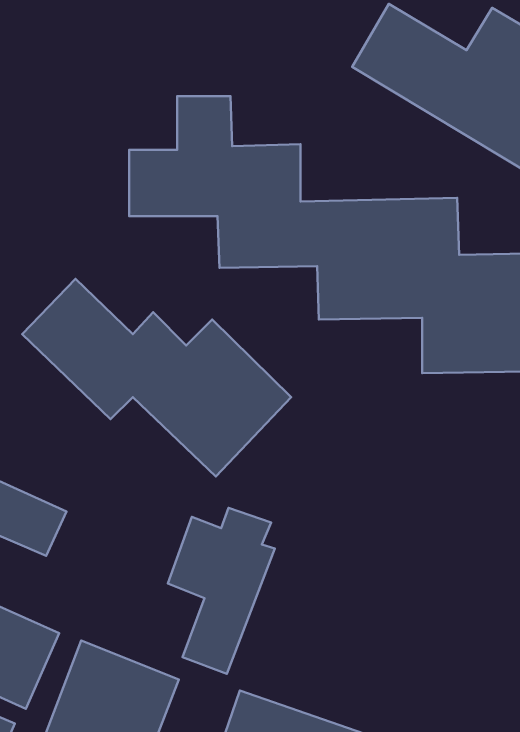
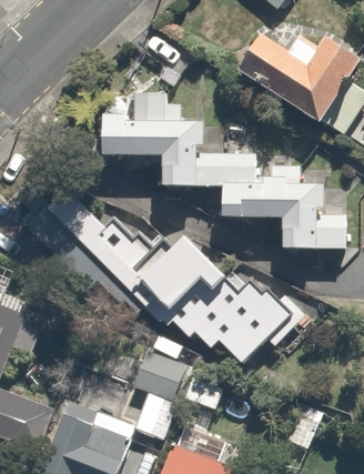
building: none -> [153,268,293,362]

